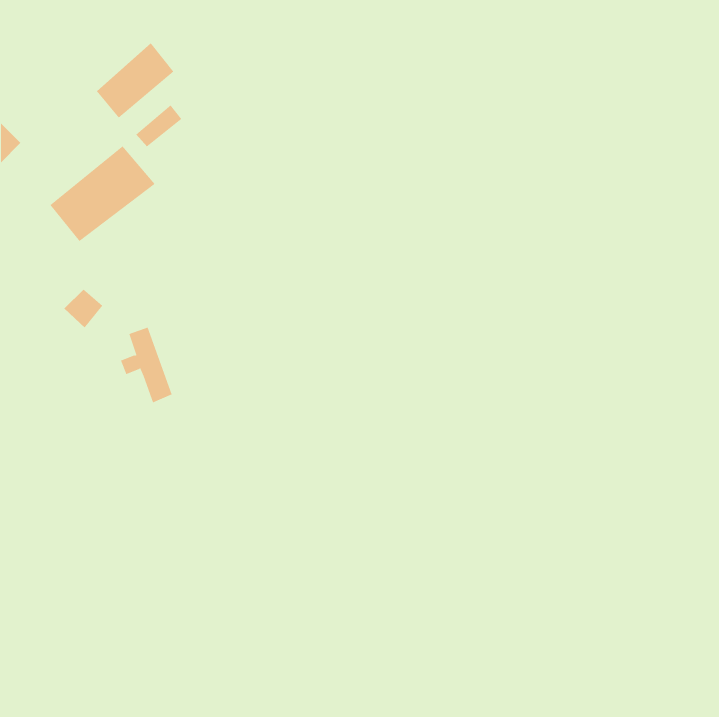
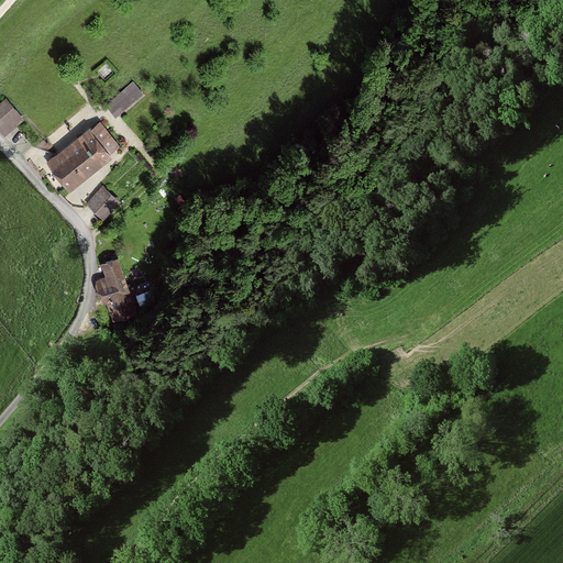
building: [96,42,174,118] -> none
building: [64,289,103,328] -> [85,190,115,221]

